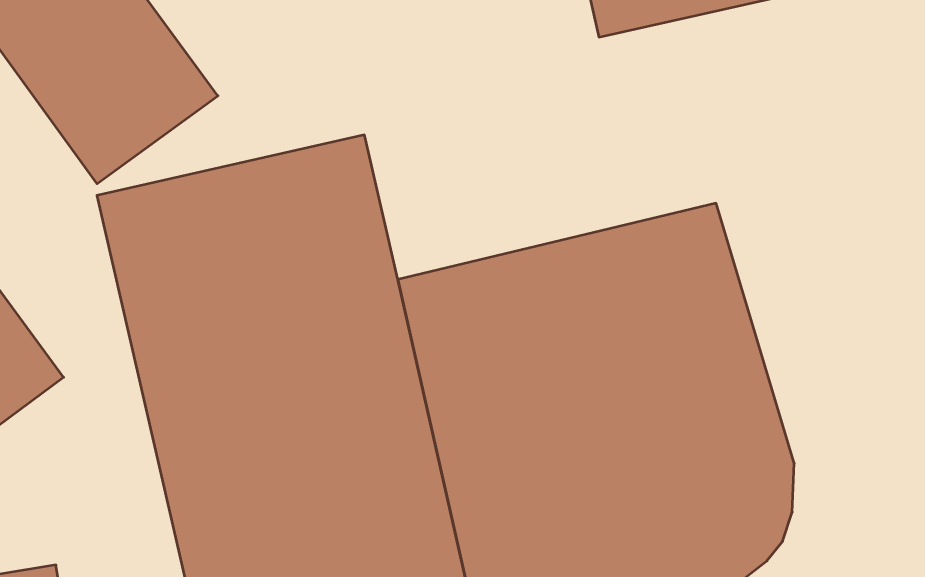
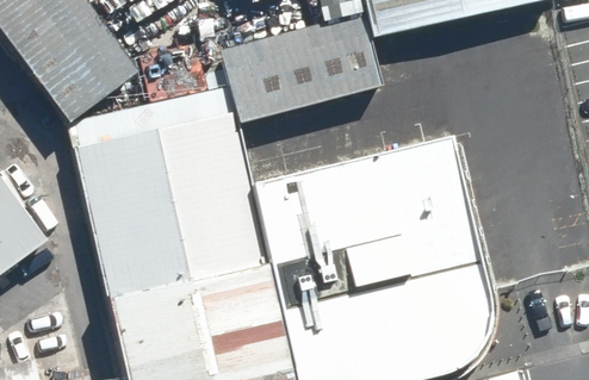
building: none -> [221,17,382,119]

